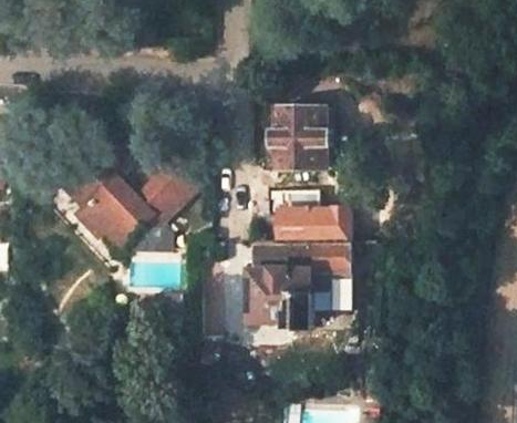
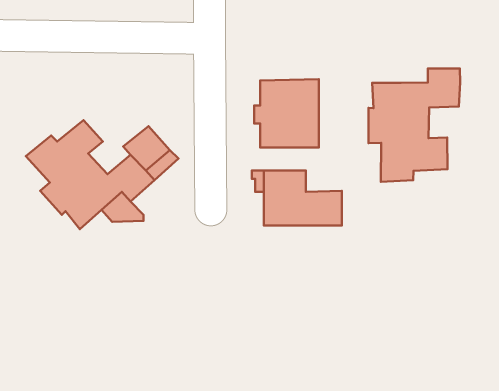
building: none -> [368,68,460,182]
building: [249,243,350,327] -> none

